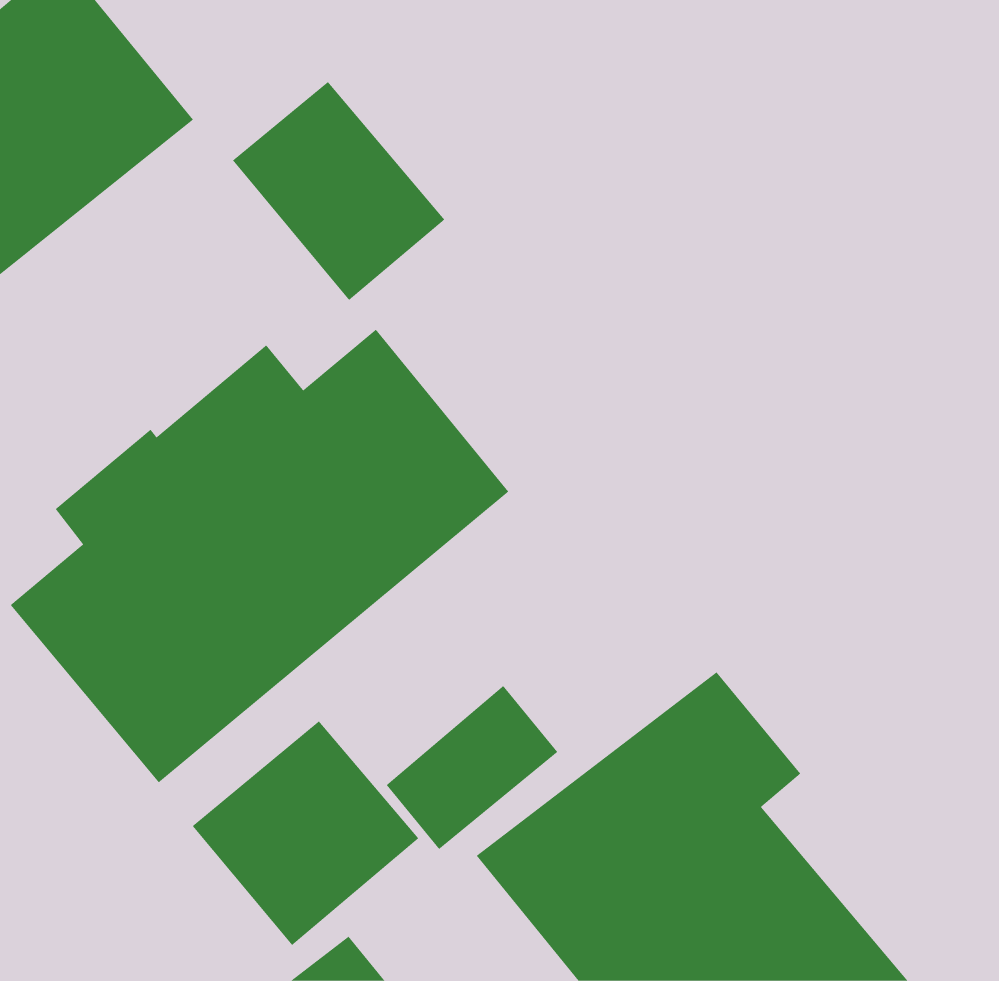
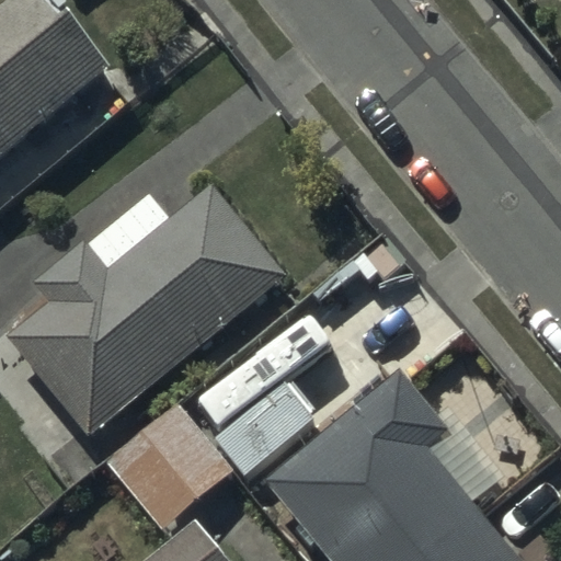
building: [232,81,445,301] -> none

